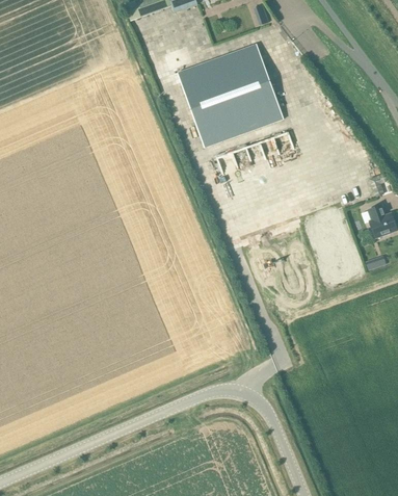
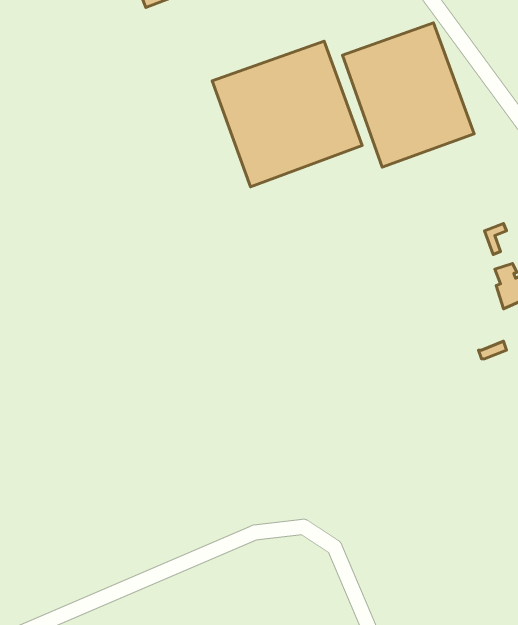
building: none -> [342,23,474,167]

